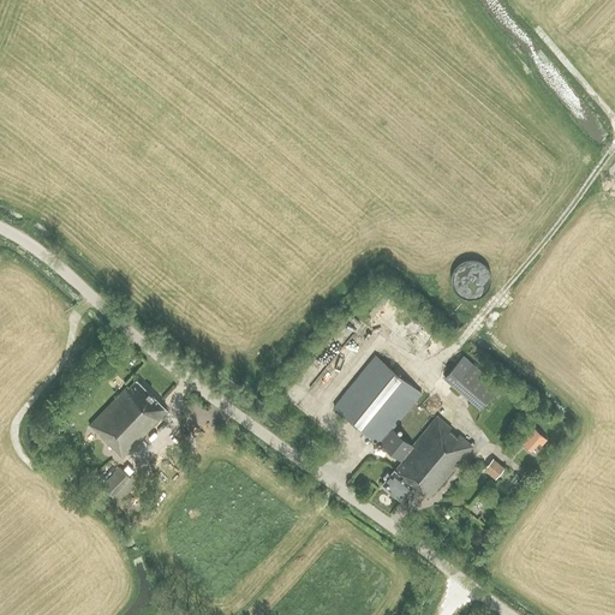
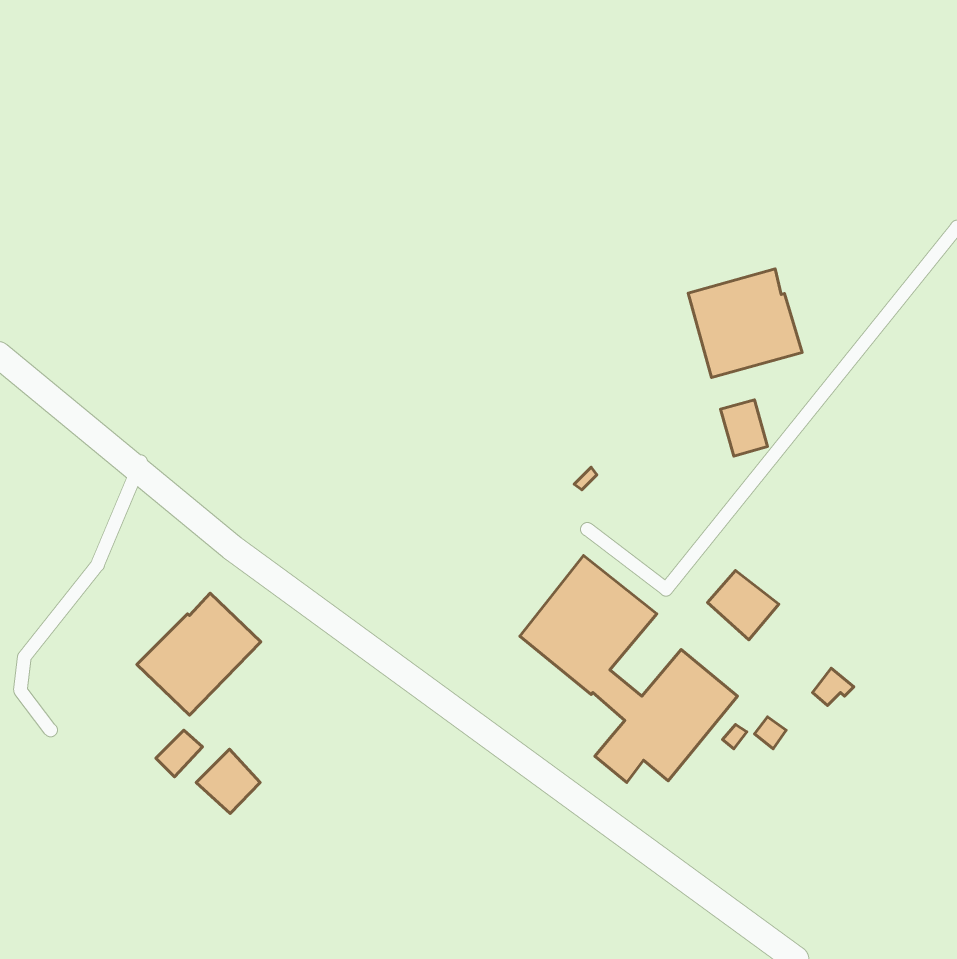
building: none -> [688,269,802,377]
building: none -> [196,749,260,814]

